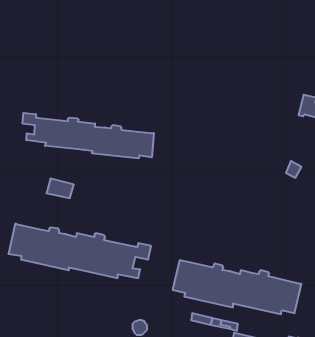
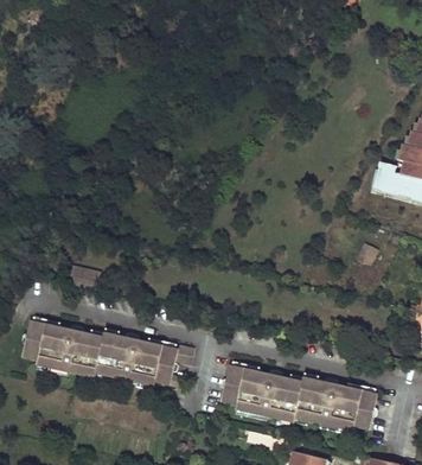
building: [23,113,154,158] -> none

